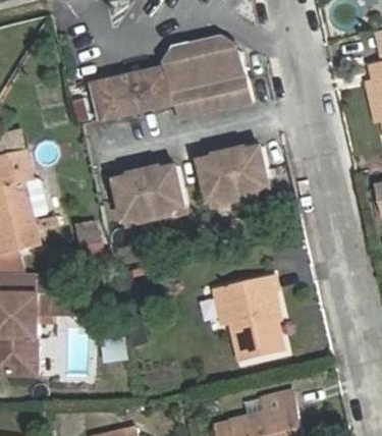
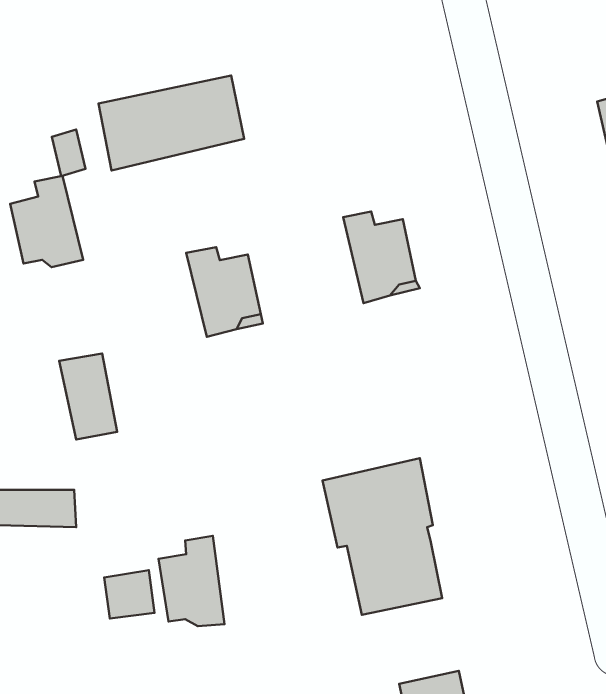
building: [165,43,250,118] -> none
building: [198,146,237,196] -> none
building: [112,165,152,215] -> [10,176,83,267]
building: none -> [159,536,224,626]

